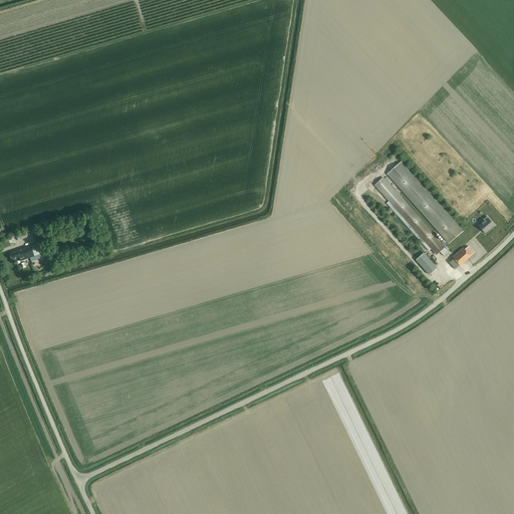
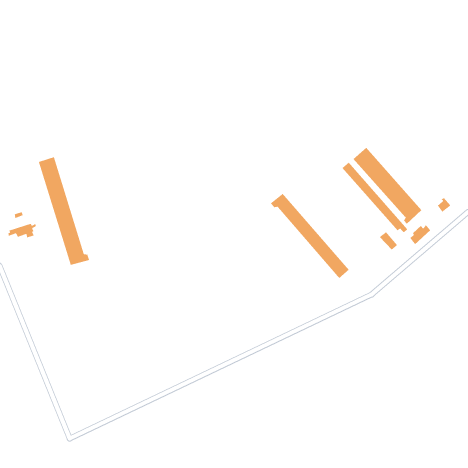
building: none -> [38,156,90,266]
building: none -> [270,193,350,279]

